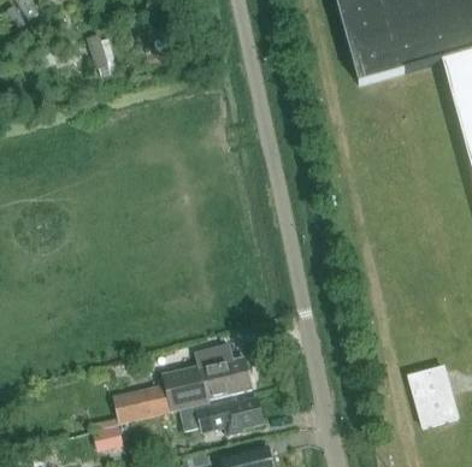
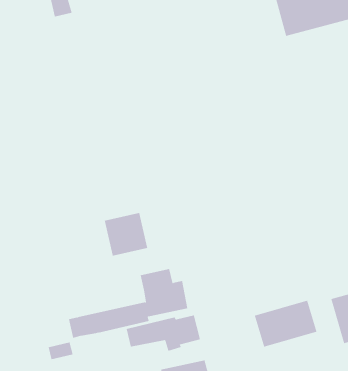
building: none -> [104,212,148,256]
building: none -> [254,300,317,347]

